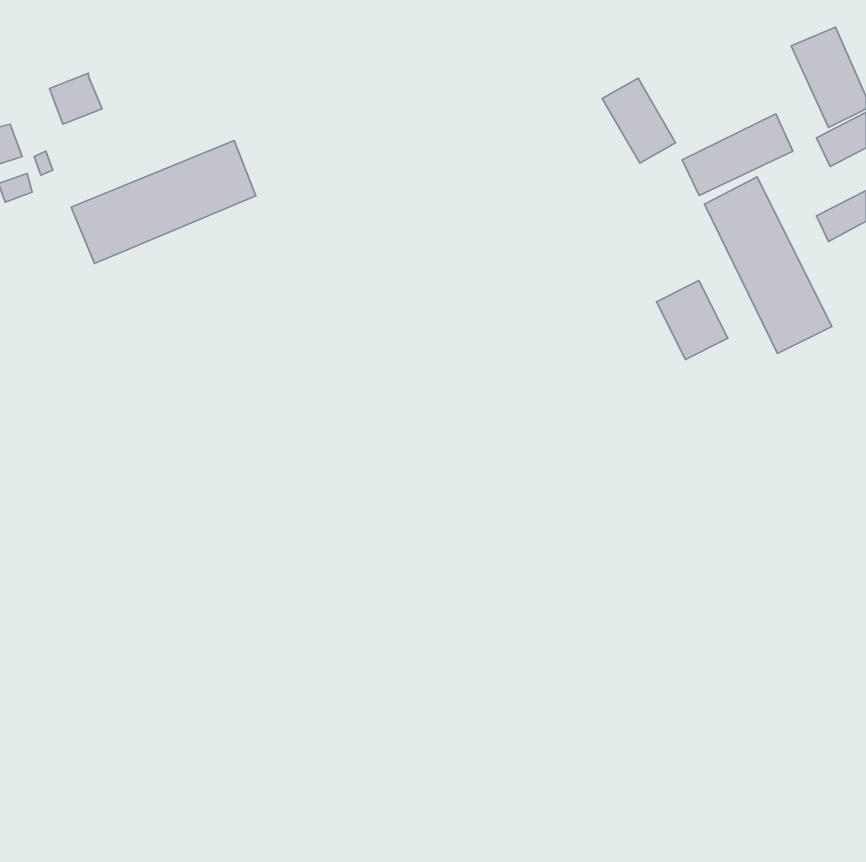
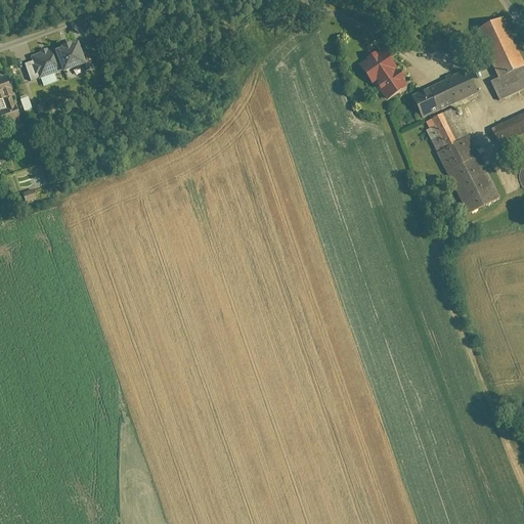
building: none -> [53,38,85,69]
building: [71,141,256,264] -> none
building: [656,280,728,360] -> none

